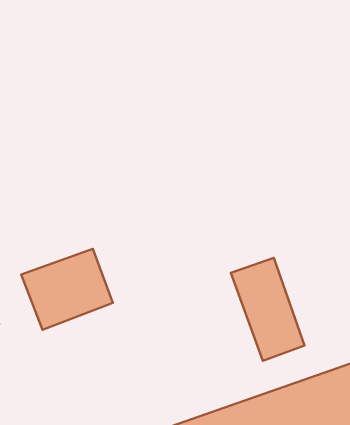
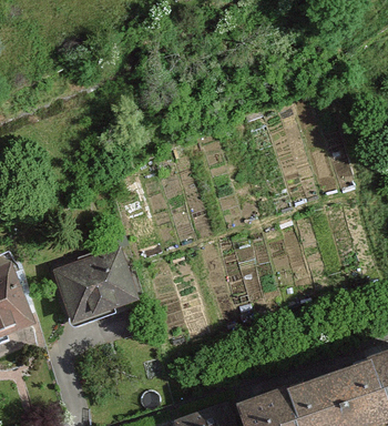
building: [231,258,305,361] -> none

